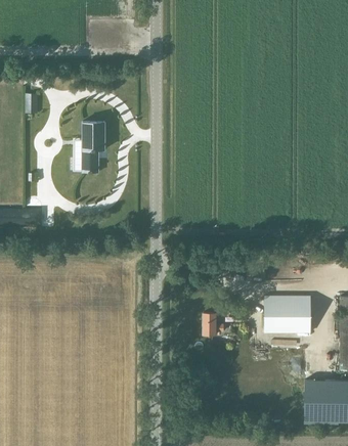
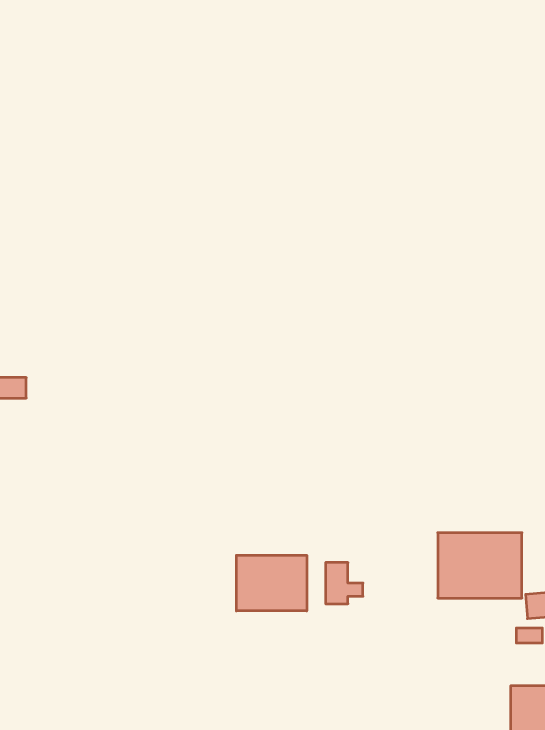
building: [75,122,105,173] -> none
building: none -> [236,555,307,611]

